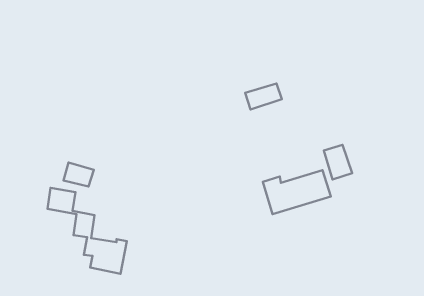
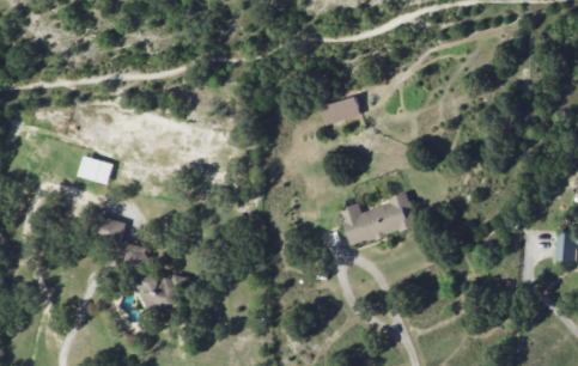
building: [324,145,352,179] -> none
building: [63,163,94,187] -> [78,157,112,184]

